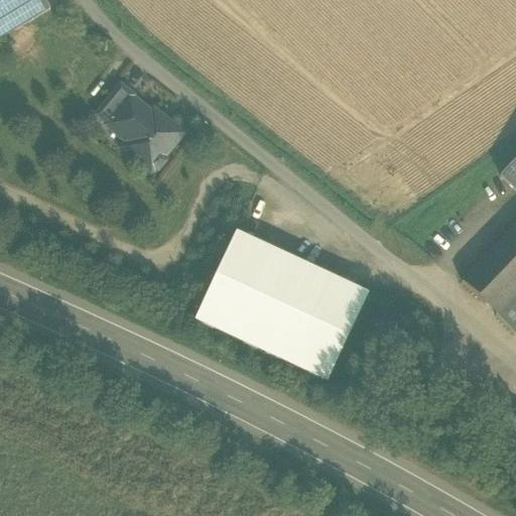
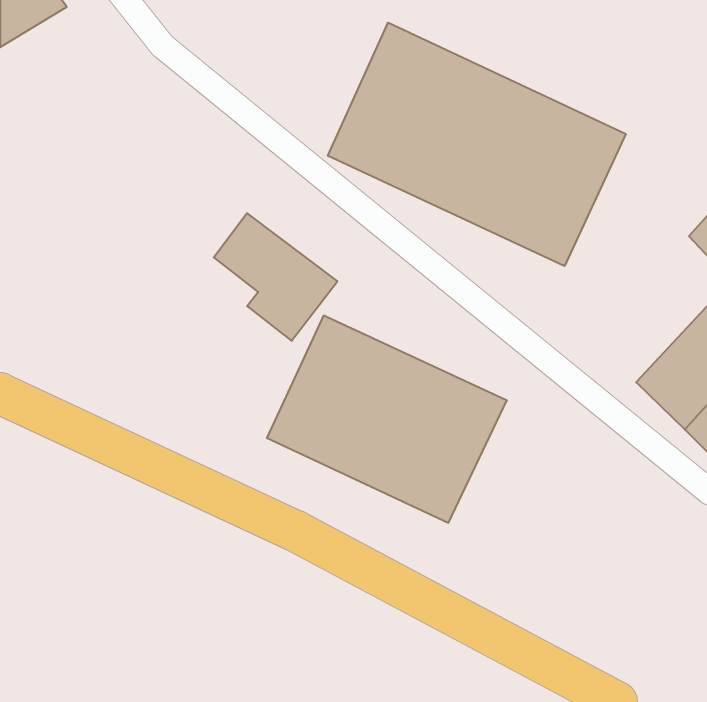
building: none -> [328,23,626,266]
building: [97,80,186,172] -> [214,213,337,341]

